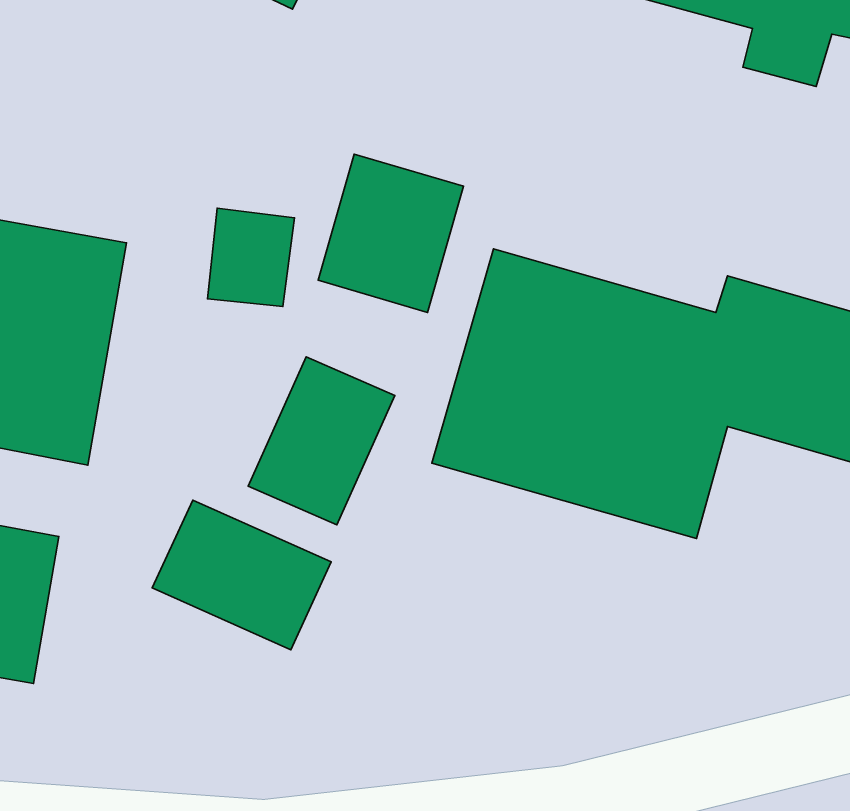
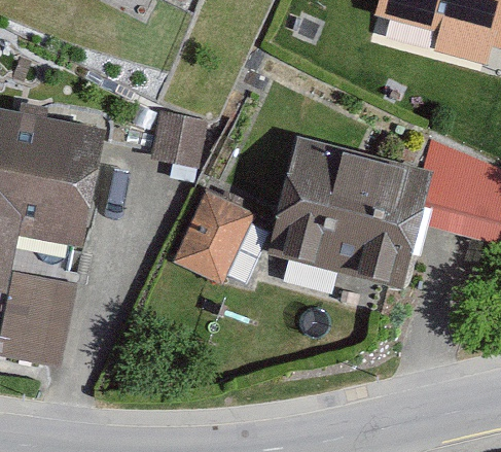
building: [318,154,463,312] -> none
building: [152,500,331,650] -> none

